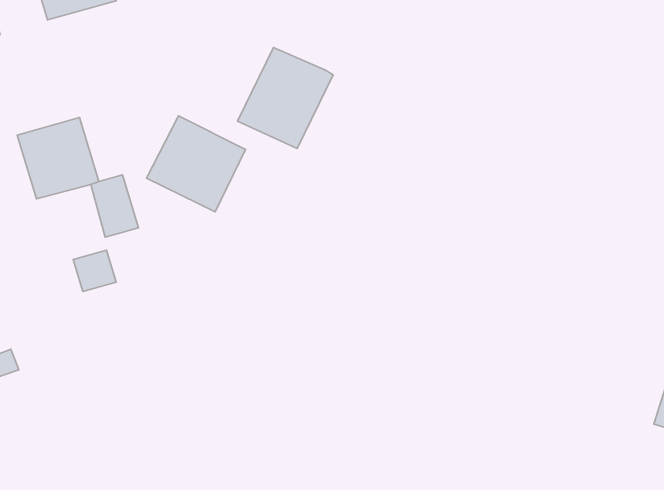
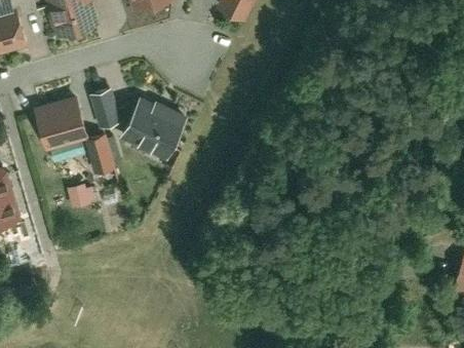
building: [238,47,333,149] -> none
building: none -> [90,89,119,126]

